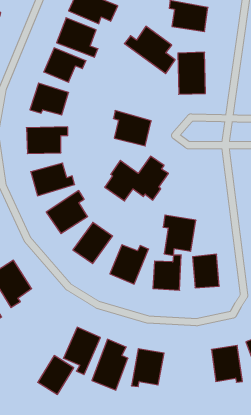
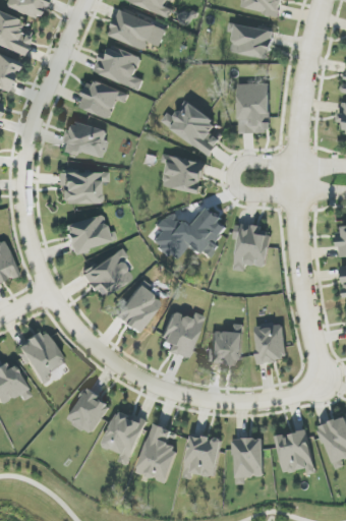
building: [124,26,175,74] -> [160,100,220,156]
building: [163,215,196,256] -> [232,223,271,271]
building: none -> [233,437,264,483]
building: [38,356,74,394] -> [67,388,110,433]

